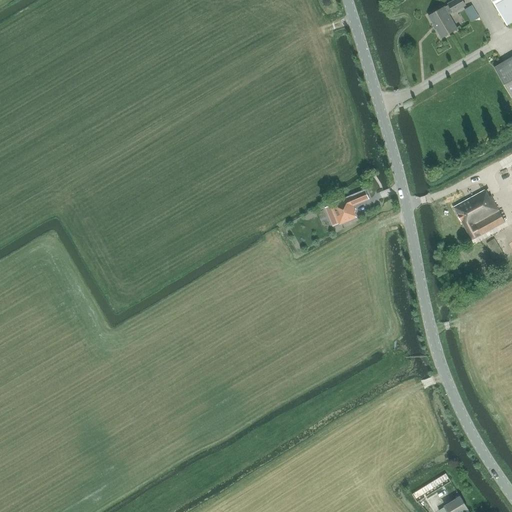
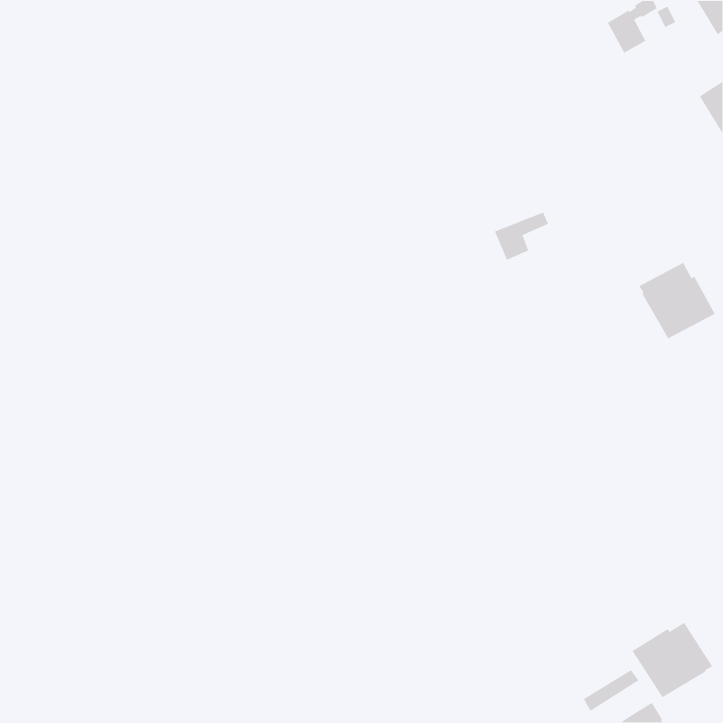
building: [331,190,370,225] -> [494,211,549,261]
building: none -> [631,622,713,698]

